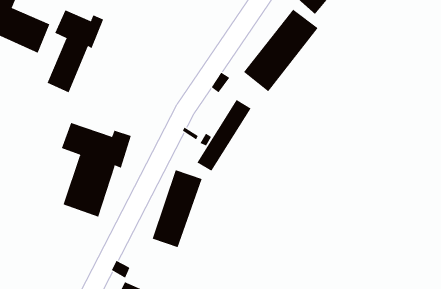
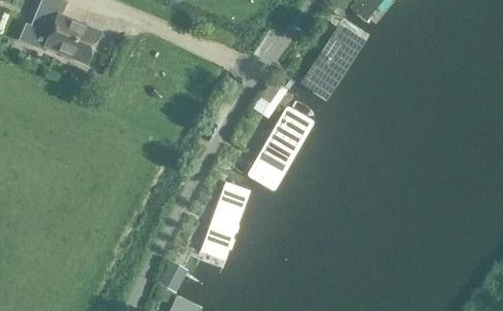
building: [47,10,104,93] -> none
building: [61,122,131,218] -> none

